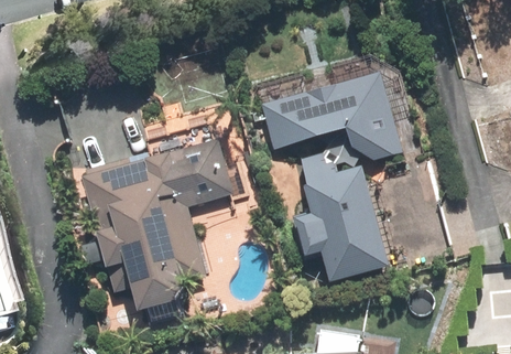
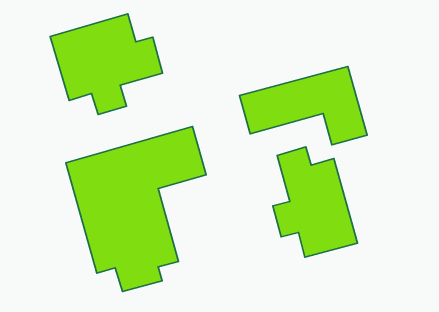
building: none -> [50,14,163,114]

